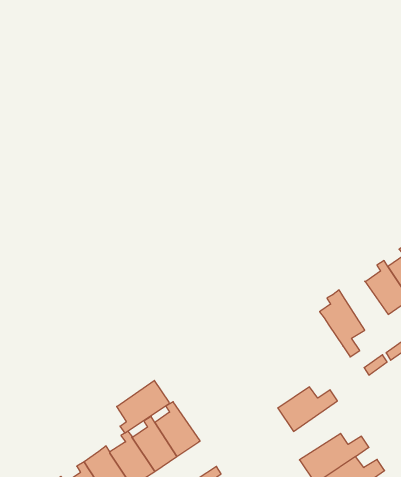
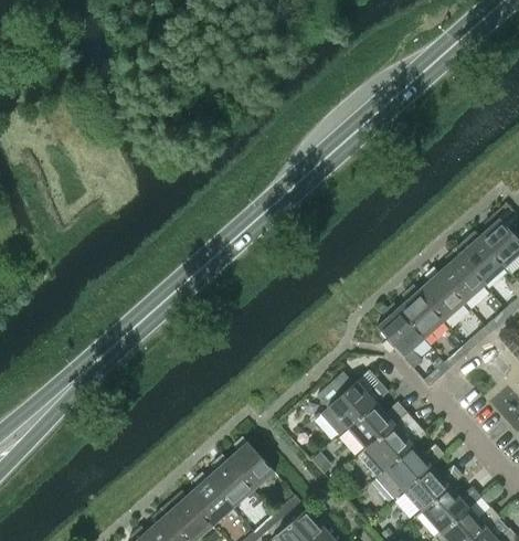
building: none -> [398,287,445,341]
building: none -> [318,374,388,437]
building: [117,380,170,433] -> none
building: none -> [358,415,425,479]

